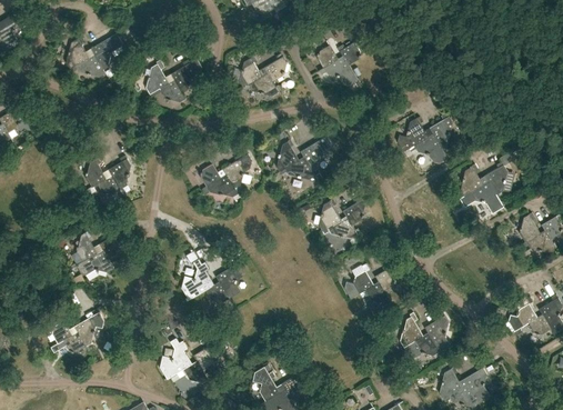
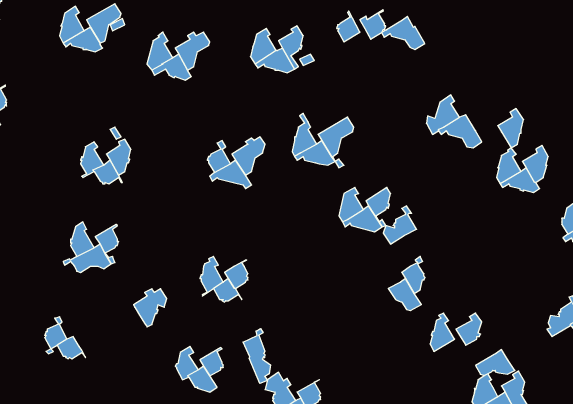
building: [318,57,356,87] -> [382,16,425,50]
building: [429,113,452,149] -> [498,109,524,148]
building: [343,264,373,299] -> [383,206,417,244]
building: [73,312,103,347] -> [134,289,167,327]
building: none -> [243,329,270,383]
building: [403,333,439,357] -> [476,350,515,375]

